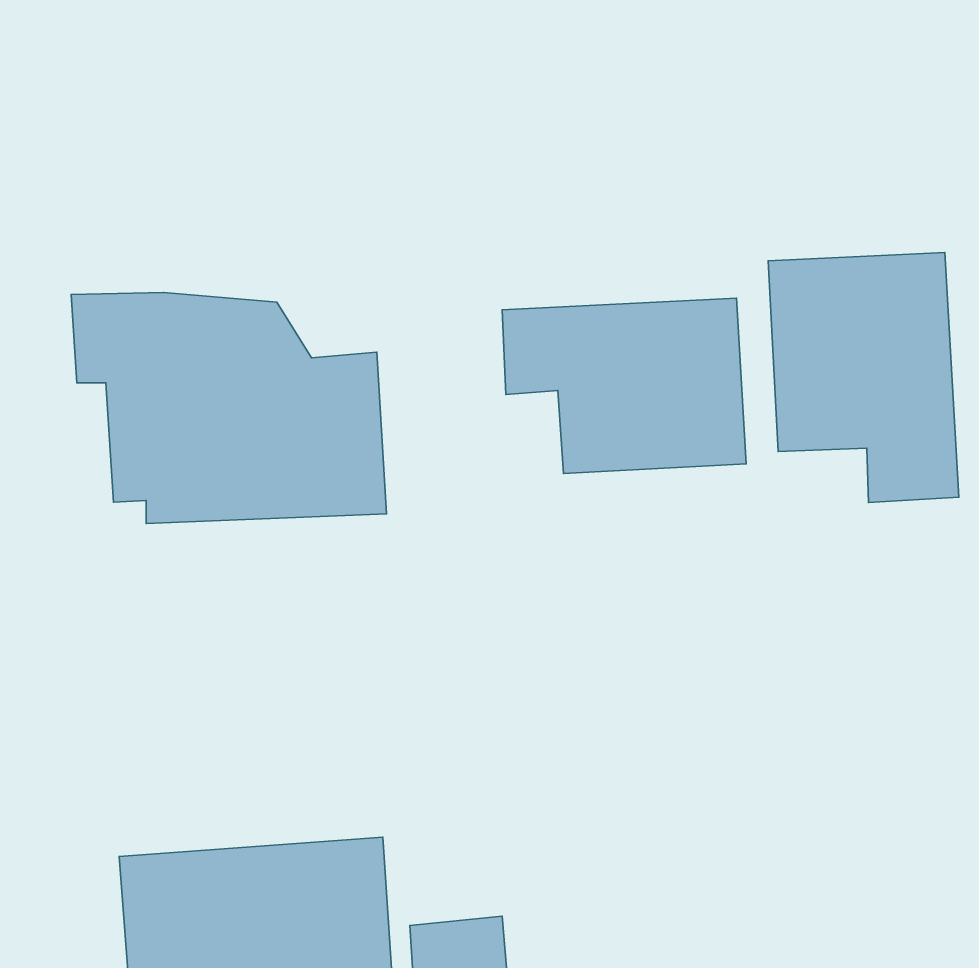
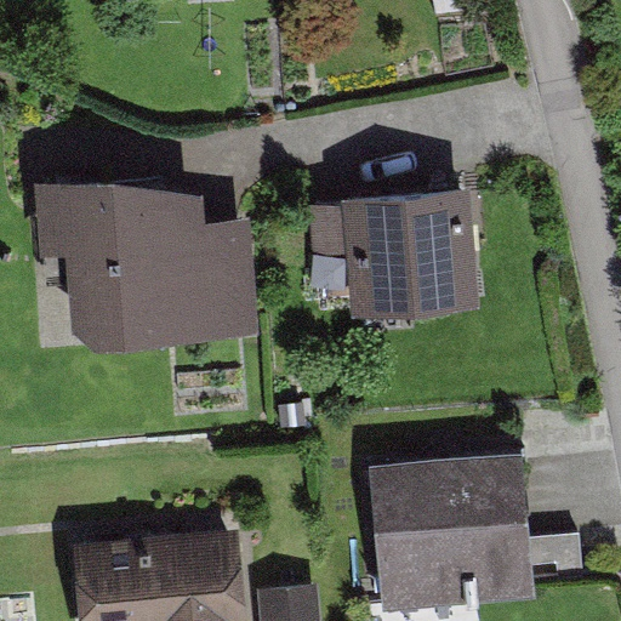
building: [768,253,959,503] -> none
building: none -> [369,450,534,614]

